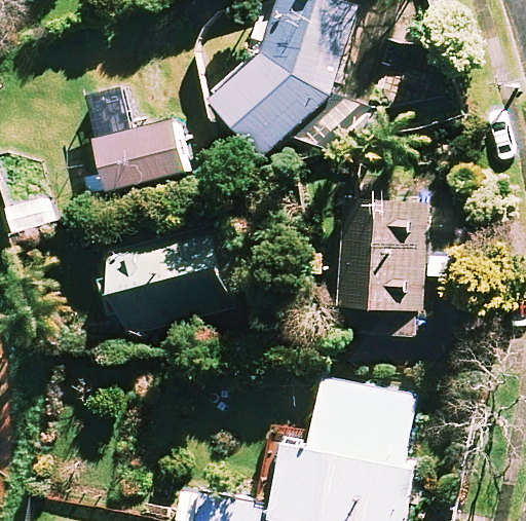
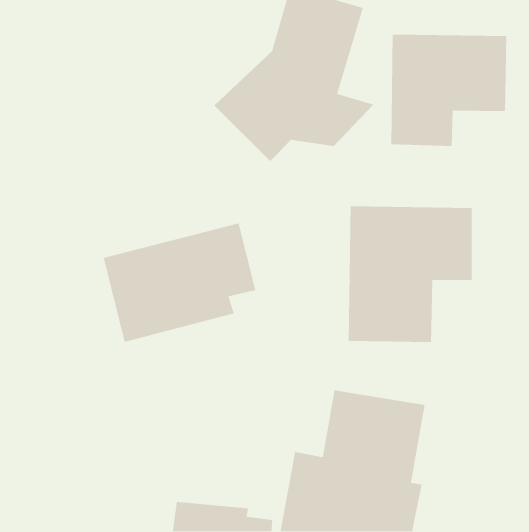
building: none -> [390,34,507,147]
building: [91,120,182,192] -> none

